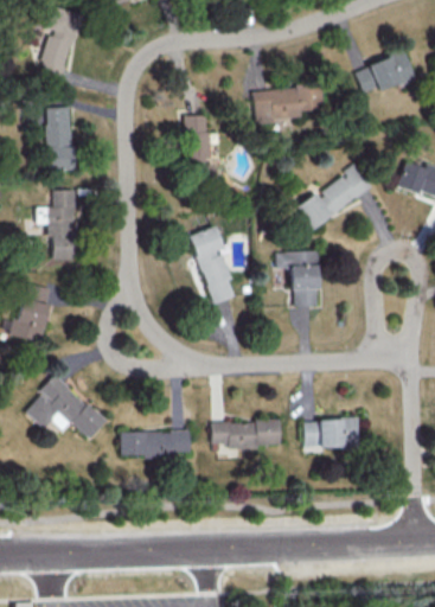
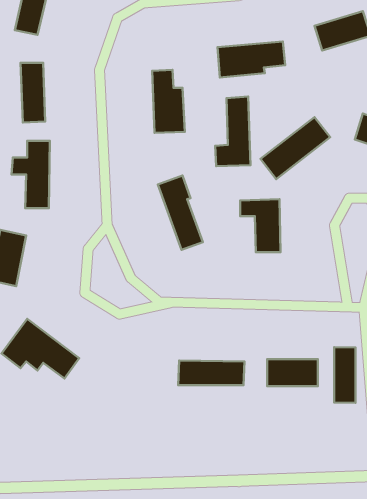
building: none -> [215,97,251,166]
building: none -> [334,347,355,403]
building: [121,430,191,455] -> none

